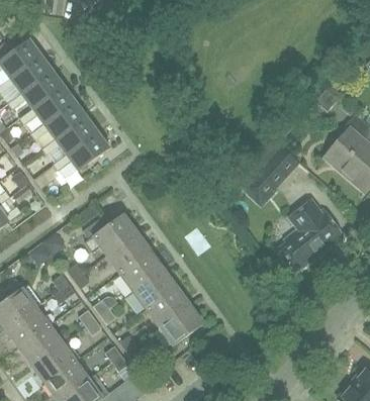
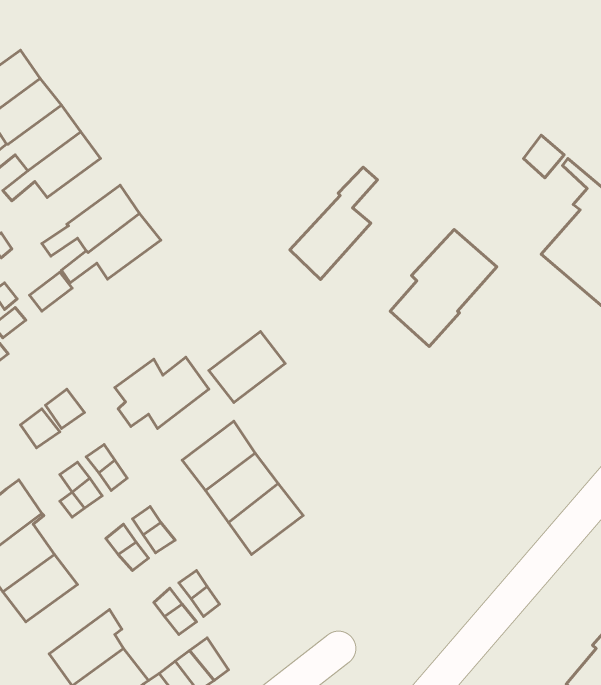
building: [30,100,86,139] -> none
building: none -> [290,167,378,280]
building: [280,199,341,273] -> none
building: [107,231,151,272] -> [209,332,285,403]
building: [161,303,204,343] -> none
building: [32,342,80,382] -> none

